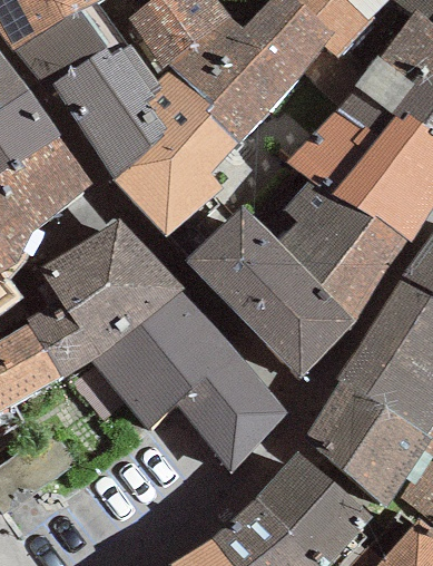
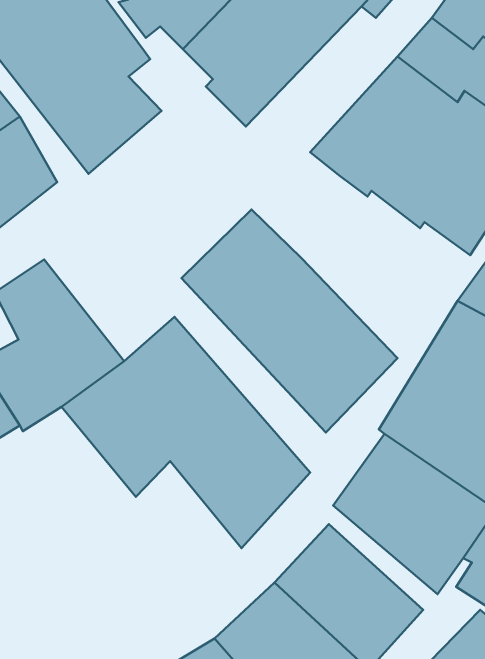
building: [114,69,236,238] -> none
building: [279,179,411,322] -> none
building: [79,218,184,324] -> none

